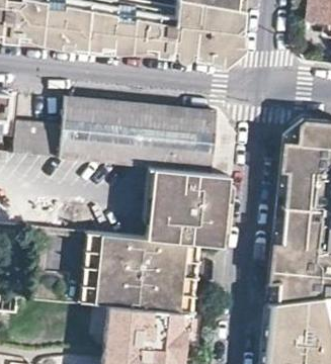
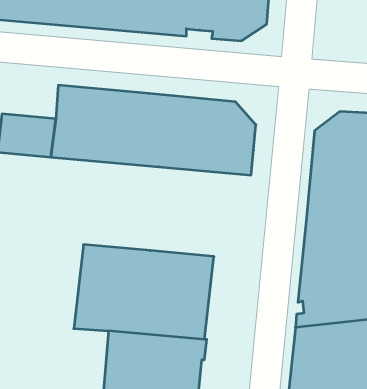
building: [144,167,229,245] -> none

